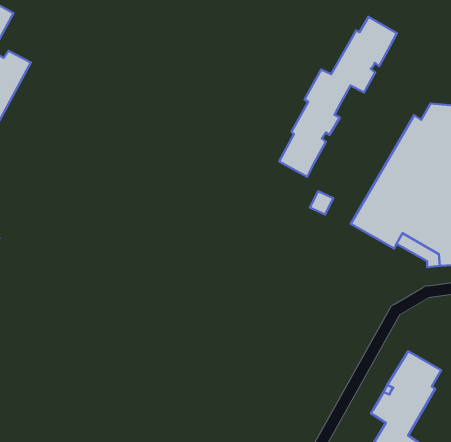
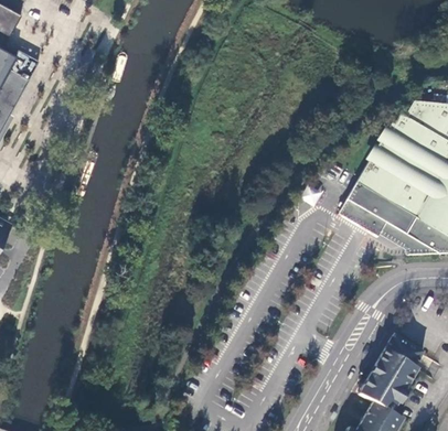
building: [279,17,397,177] -> none

